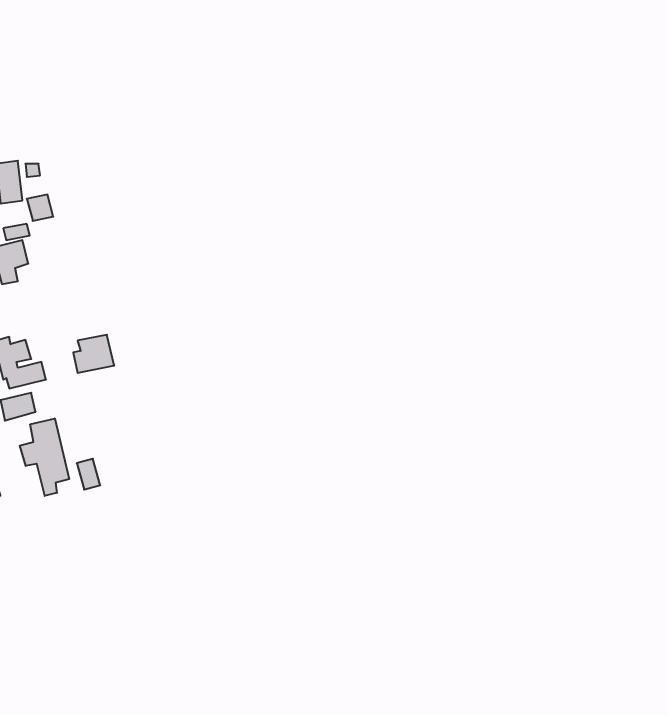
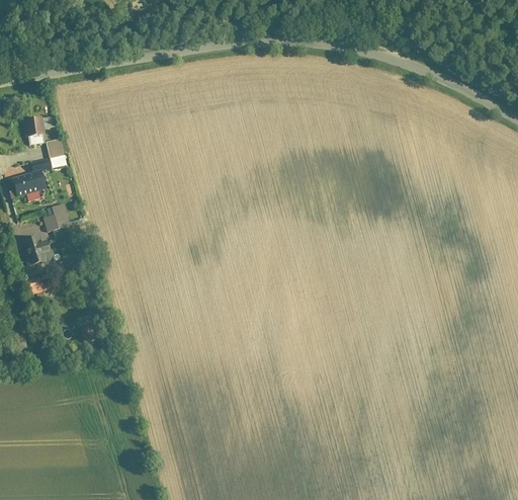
building: [73,335,114,373] -> [45,203,73,230]
building: [20,418,69,496] -> none

